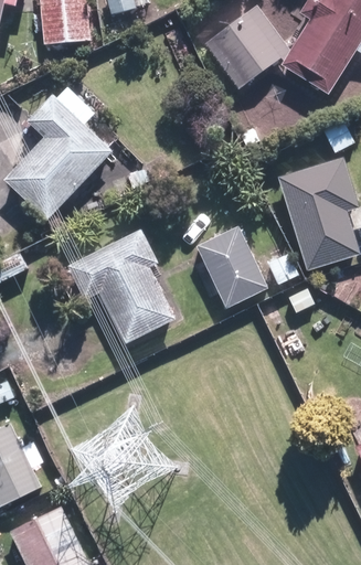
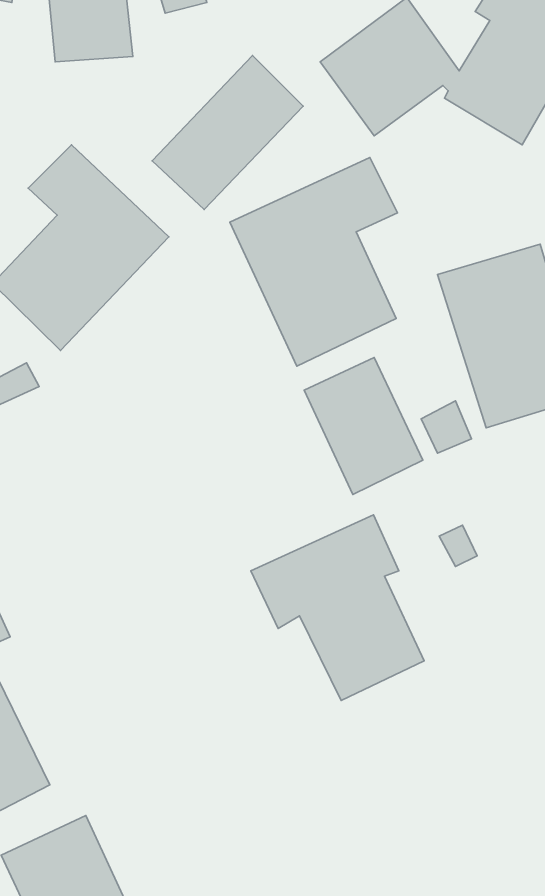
building: none -> [152,56,303,210]
building: none -> [230,157,398,366]
building: [67,231,173,344] -> [251,515,424,701]

